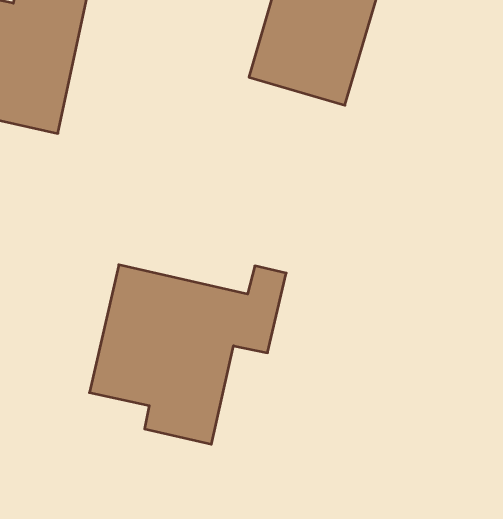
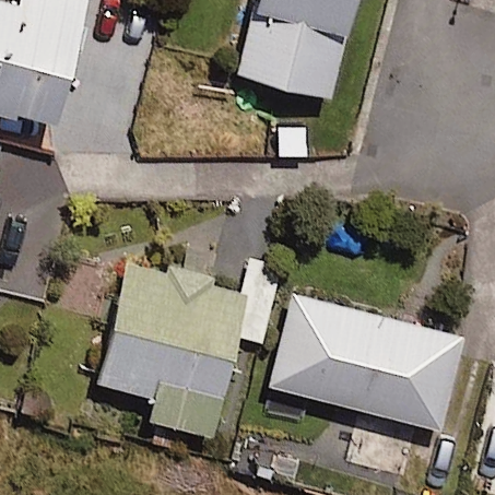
building: none -> [262,282,455,416]

